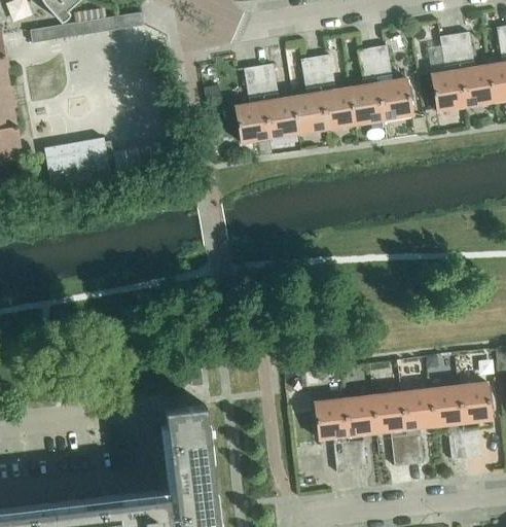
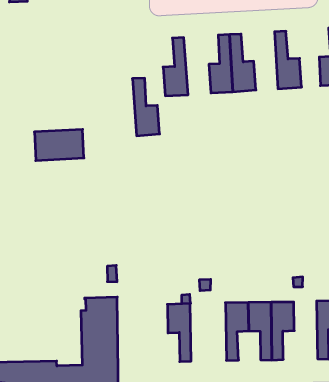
building: [350,47,384,124] -> none
building: [258,64,299,138] -> [132,78,160,136]
building: [47,141,113,186] -> [34,129,84,161]
building: [430,384,467,459] -> none
building: [315,397,352,472] -> [167,303,191,362]

